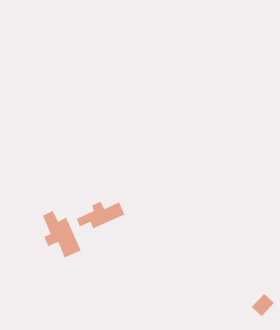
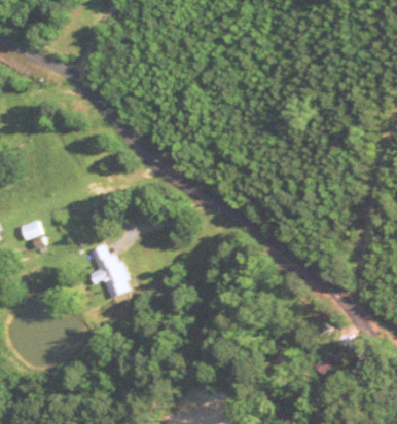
building: [76,201,125,229] -> none

